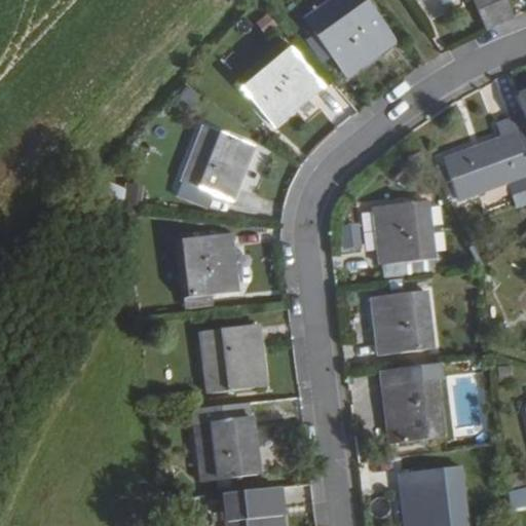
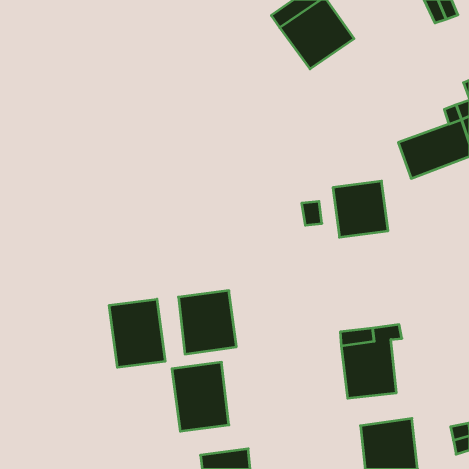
building: [240,42,322,123] -> none
building: [184,127,257,203] -> none
building: [179,234,239,297] -> none
building: [372,291,434,355] -> none
building: none -> [109,299,165,367]

